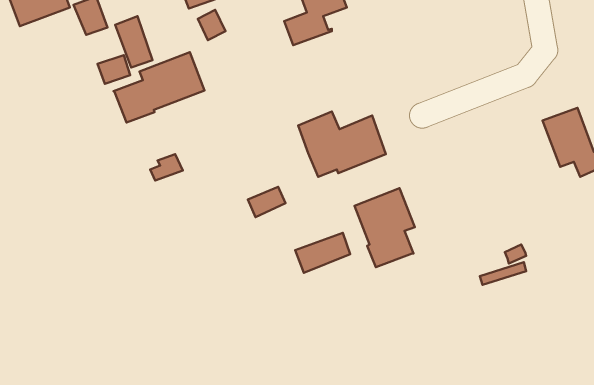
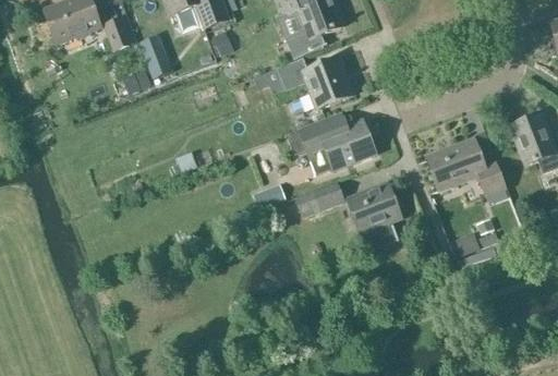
building: none -> [277,54,352,107]
building: [113,52,204,123] -> none
building: none -> [426,138,506,194]
building: [295,233,350,273] -> [294,181,342,216]

